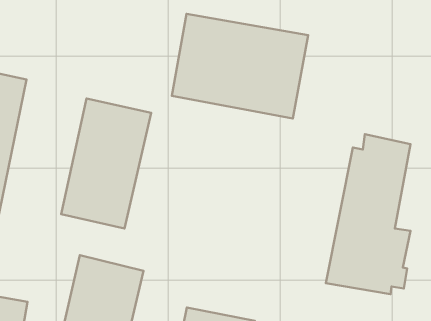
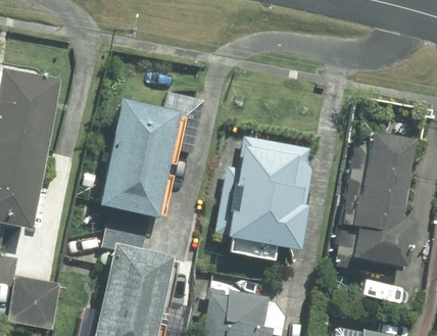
building: [172,14,308,118] -> none
building: none -> [218,136,315,249]

